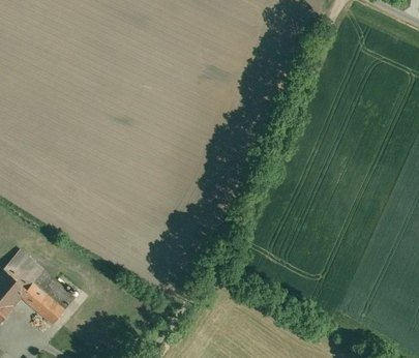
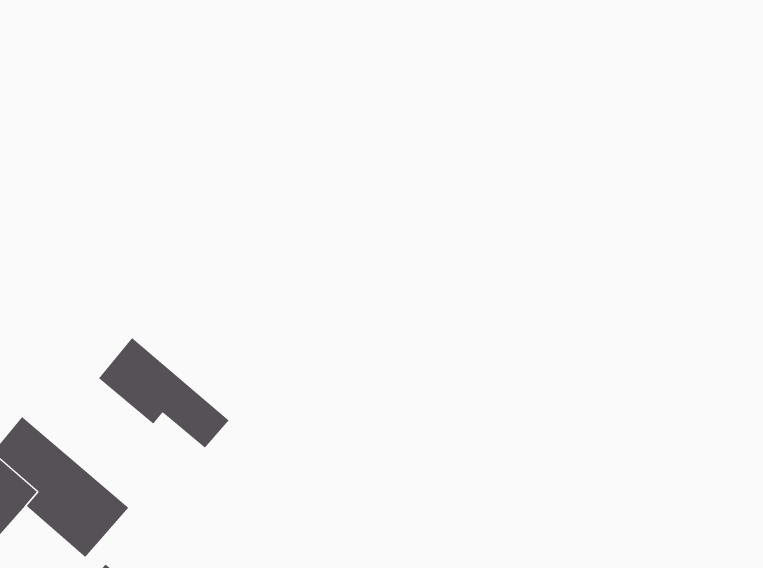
building: none -> [98,337,230,449]

